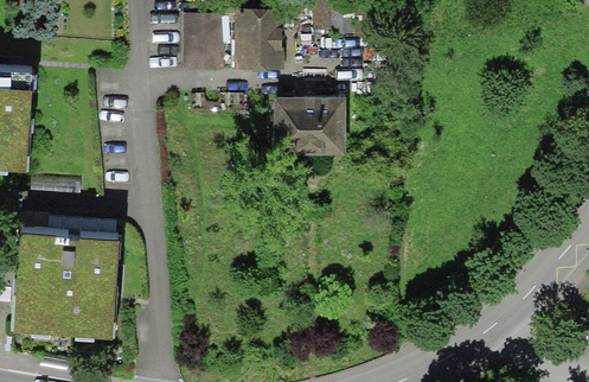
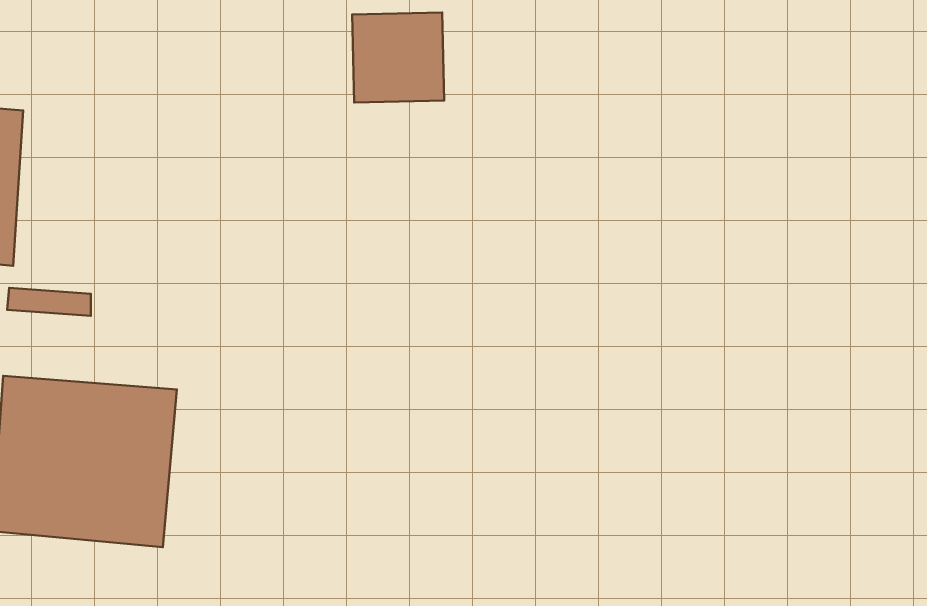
building: [177,9,230,64] -> none
building: [275,95,344,152] -> none

